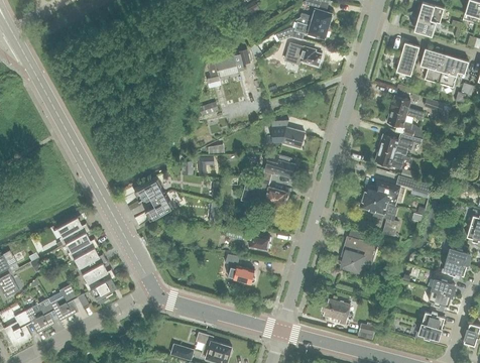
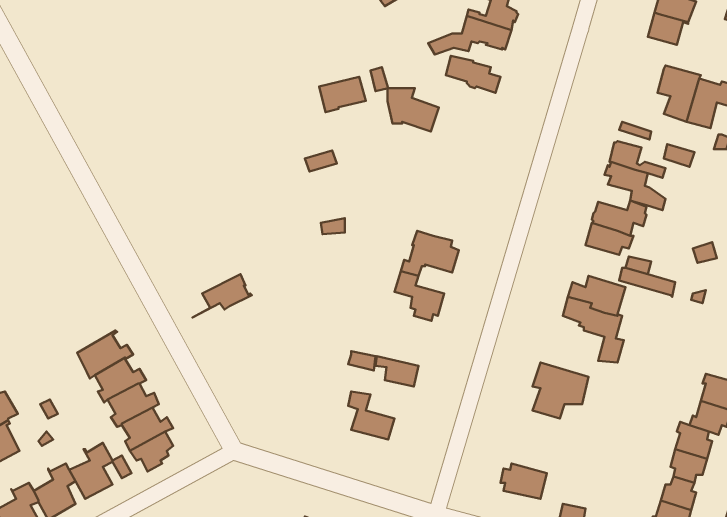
building: [396,42,419,76] -> none
building: [273,120,306,147] -> [388,88,439,132]
building: [134,195,173,227] -> none

